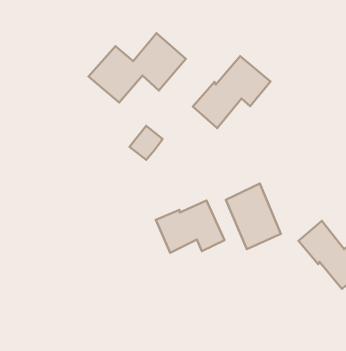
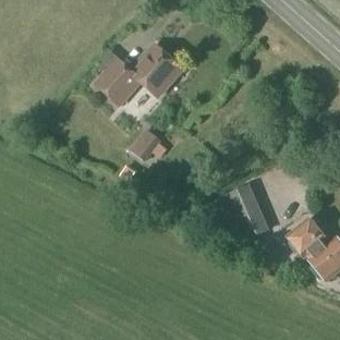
building: [193,56,271,128] -> none
building: [156,201,225,253] -> none

